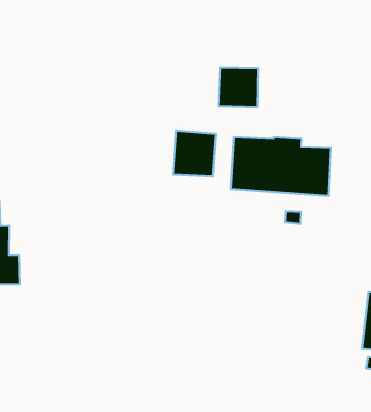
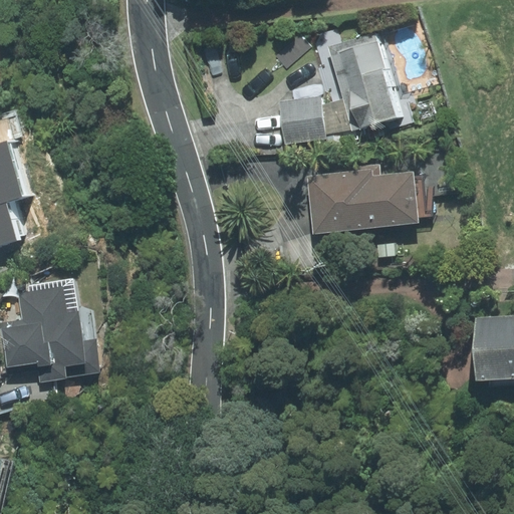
building: none -> [332,36,401,132]
building: [173,131,216,176] -> none

